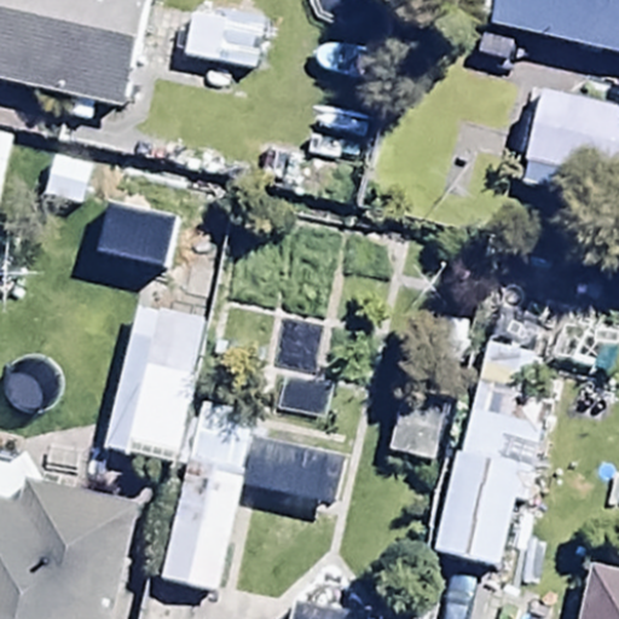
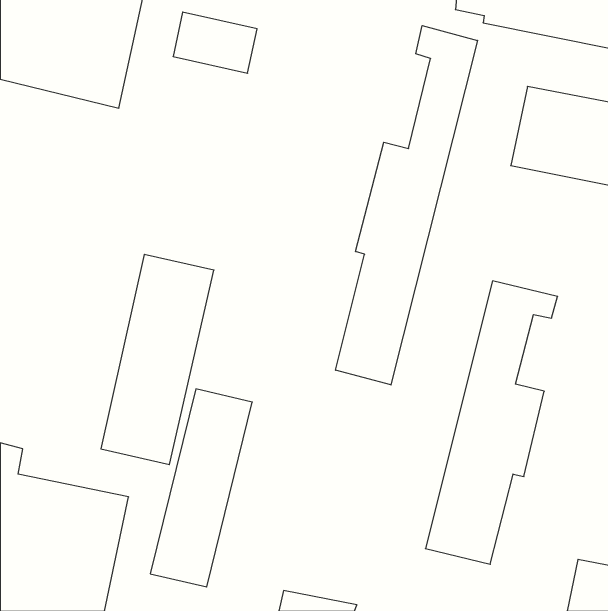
building: none -> [336,26,478,385]

